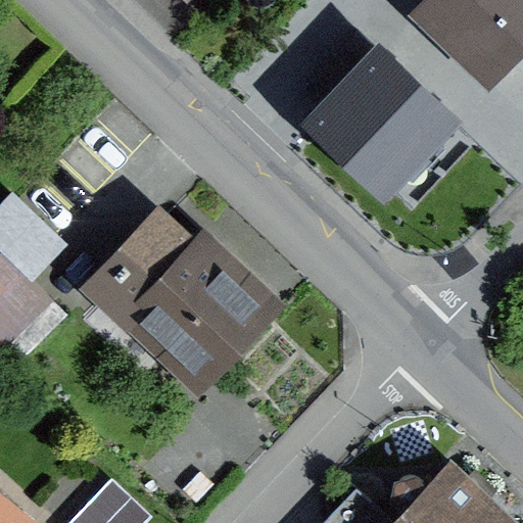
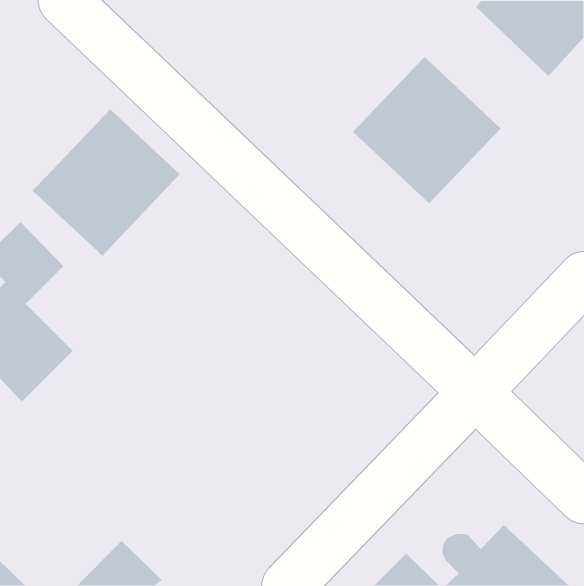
building: none -> [32,108,181,257]
building: [93,213,260,368] -> none

